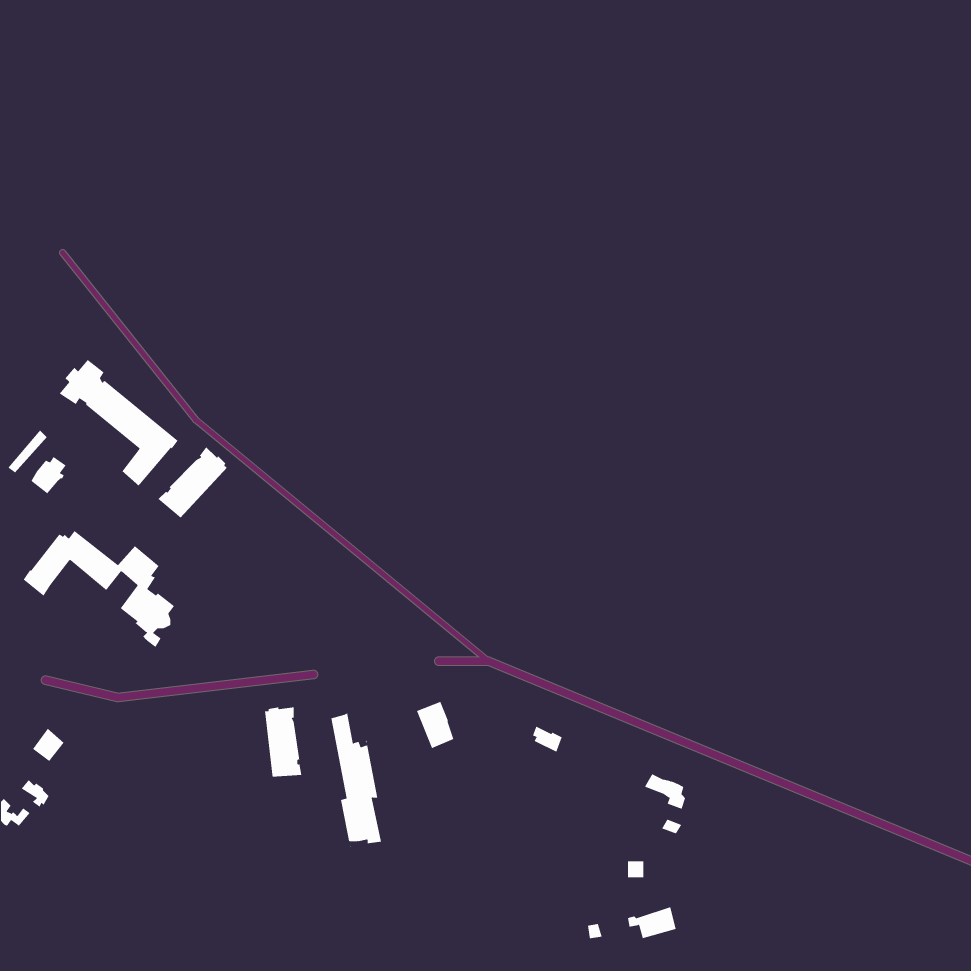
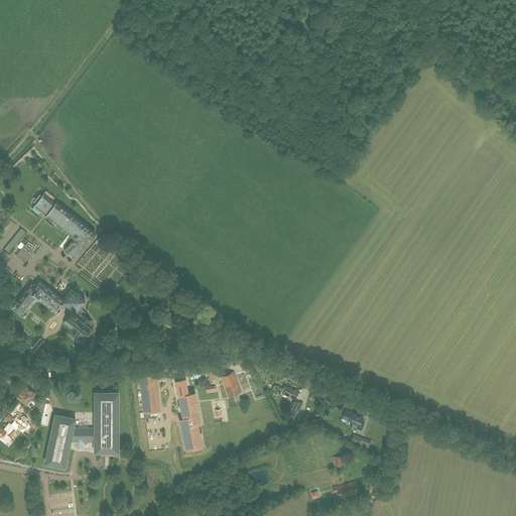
building: [157,447,228,518] -> none
building: none -> [45,392,119,467]

